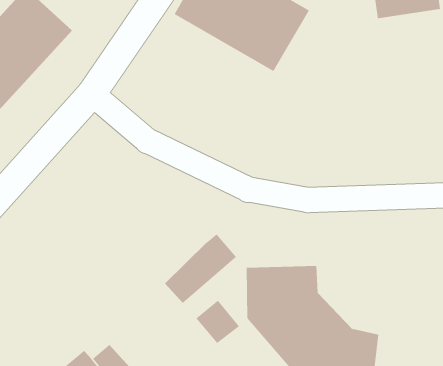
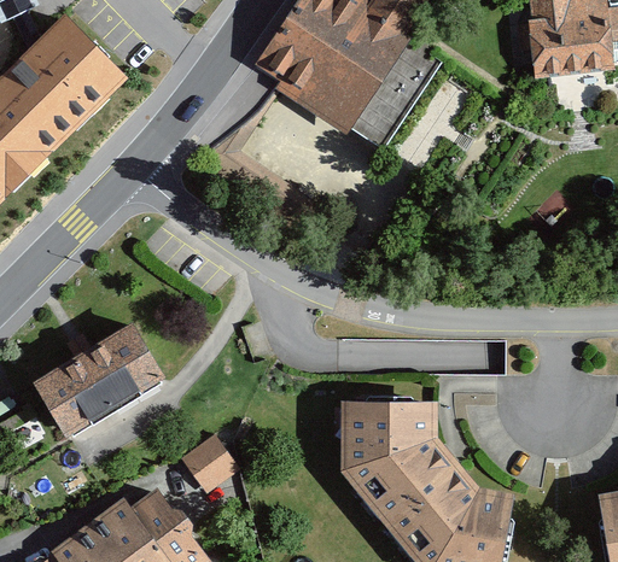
building: none -> [27,316,165,437]
building: [164,234,237,304] -> none
building: [195,300,240,344] -> [185,438,243,496]

